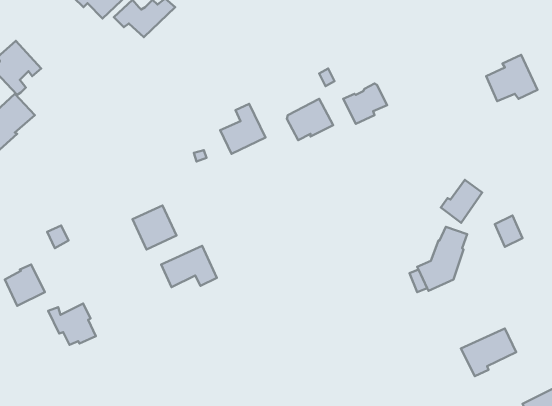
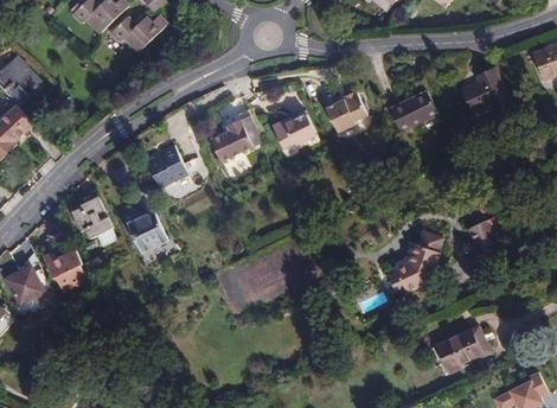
building: none -> [389,90,437,132]
building: none -> [143,144,187,187]
building: [441,180,482,223] -> none
building: none -> [72,196,113,238]
building: [161,246,217,287] -> none
building: [48,303,96,345] -> [41,249,87,288]

